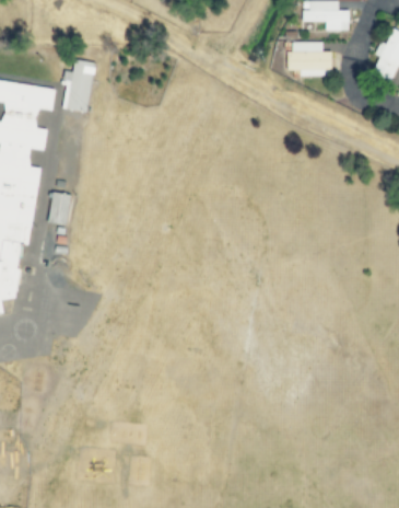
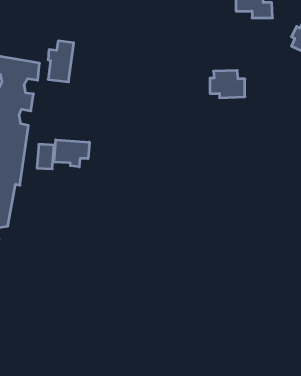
building: [290,42,335,77] -> [210,70,245,98]
building: none -> [54,140,89,167]

